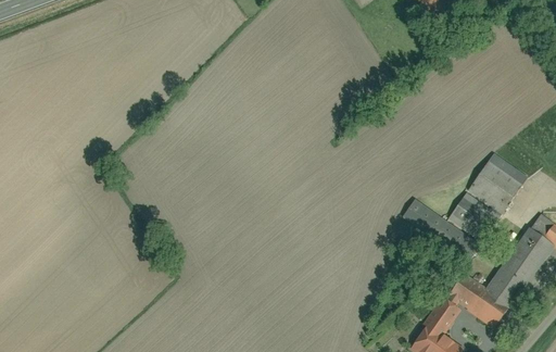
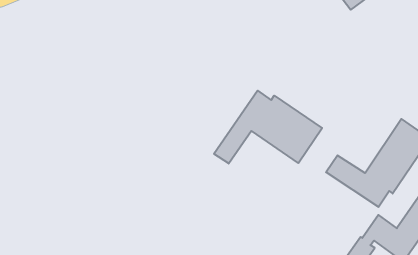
building: none -> [214,91,322,164]

